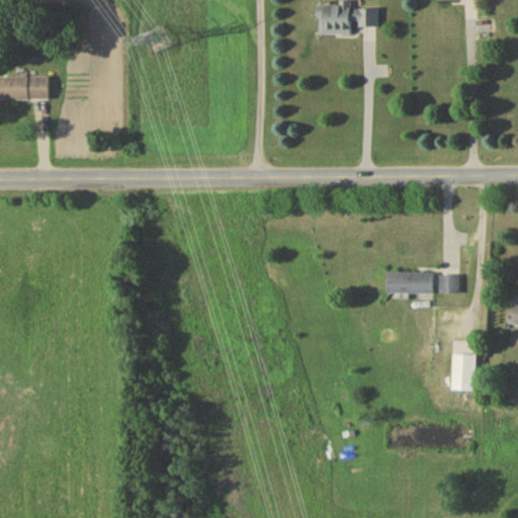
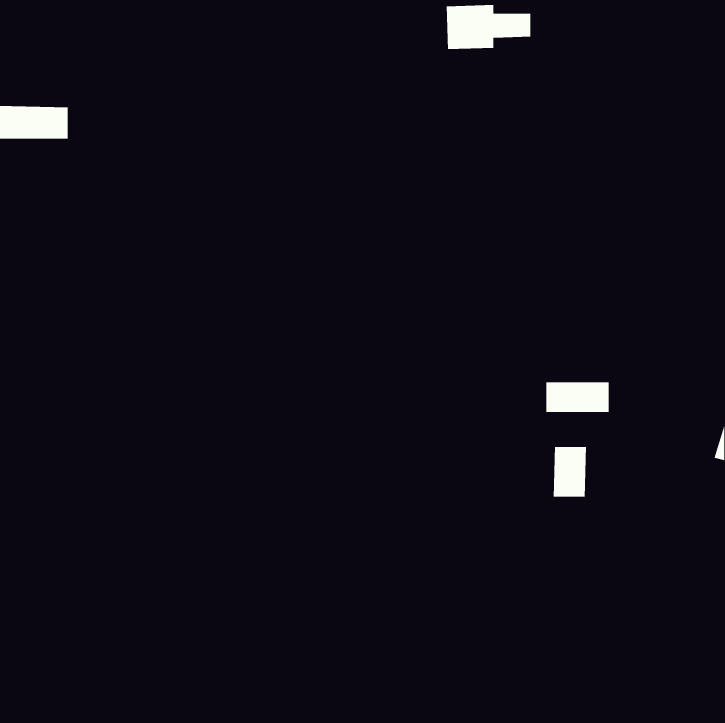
building: [439,274,459,293] -> none
building: [450,354,474,391] -> [553,446,587,497]

